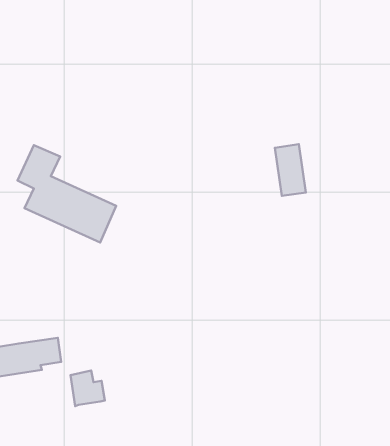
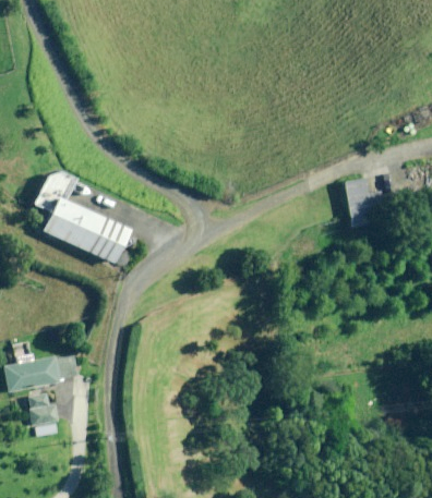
building: [275,144,306,196] -> [344,180,373,229]
building: [71,371,105,406] -> [28,393,61,427]

